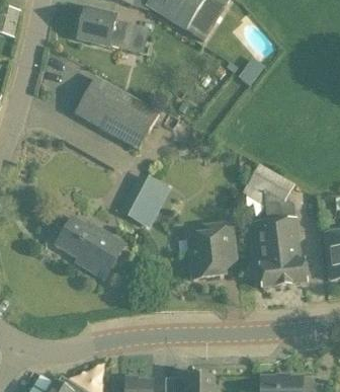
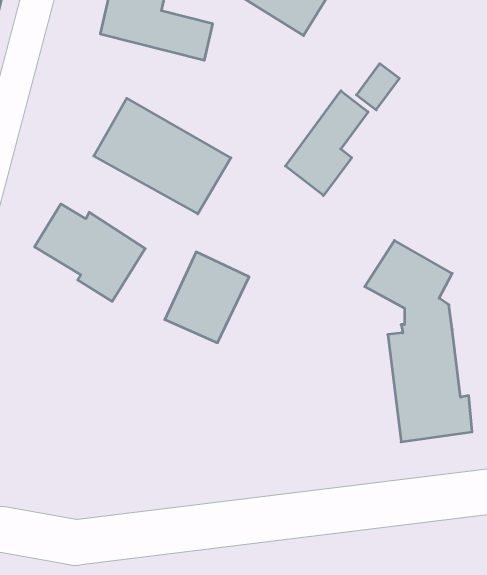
building: none -> [285,91,368,196]
building: [58,217,125,277] -> [35,204,145,301]
building: [189,223,236,280] -> none

